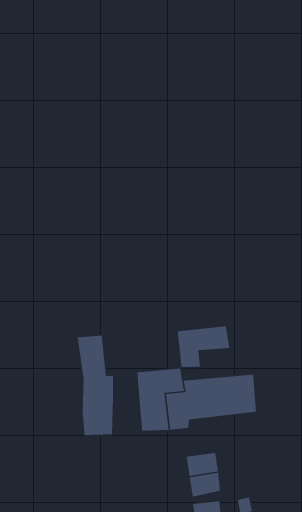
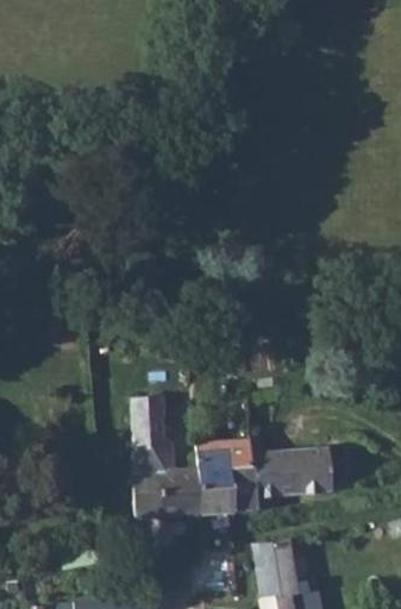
building: [177,325,230,368] -> none
building: none -> [170,473,203,516]

